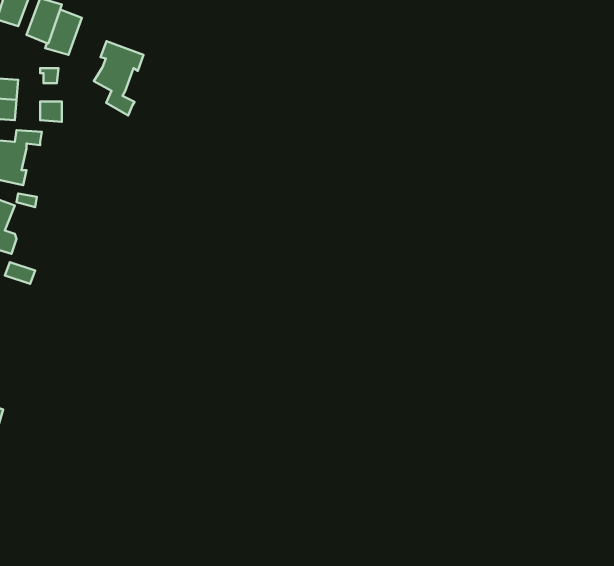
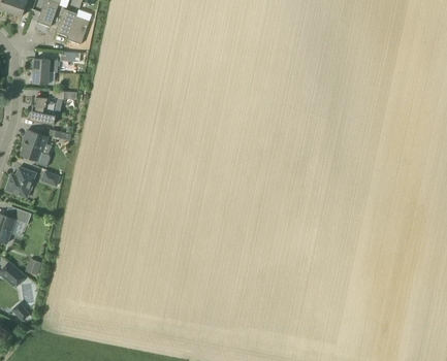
building: [94,41,144,115] -> none

